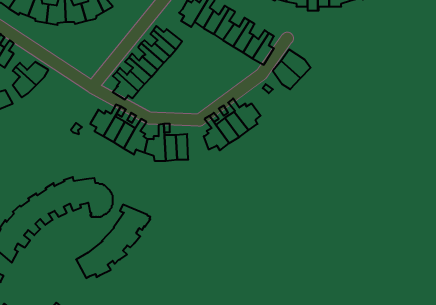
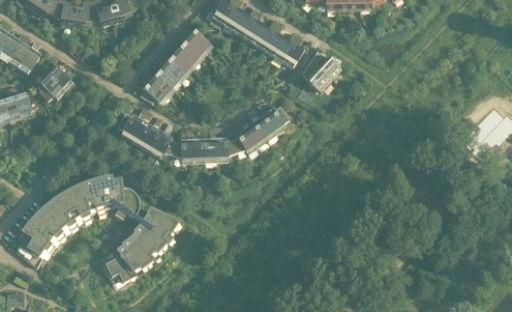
building: none -> [214,125,236,163]

